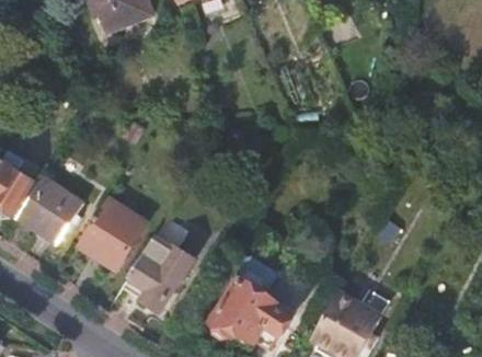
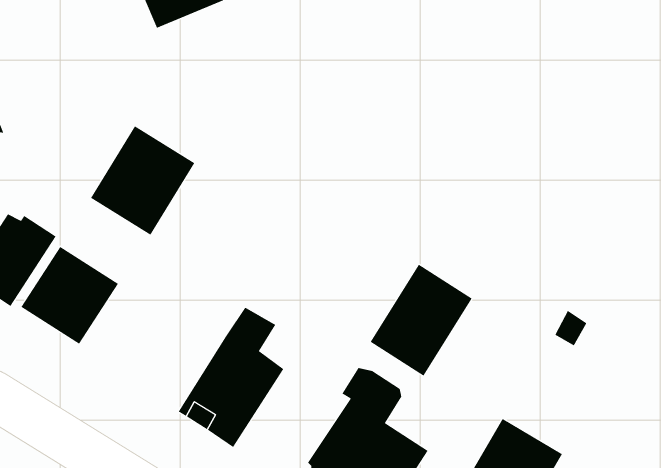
building: none -> [370,264,473,376]
building: [77,198,147,272] -> [90,126,195,235]

